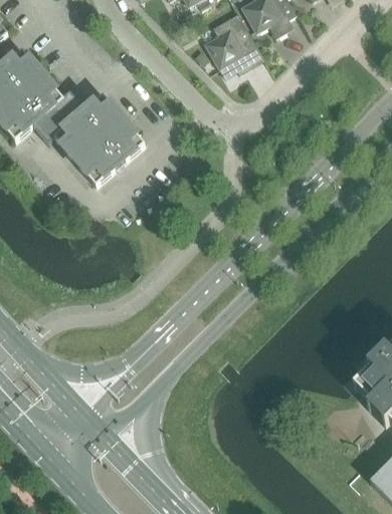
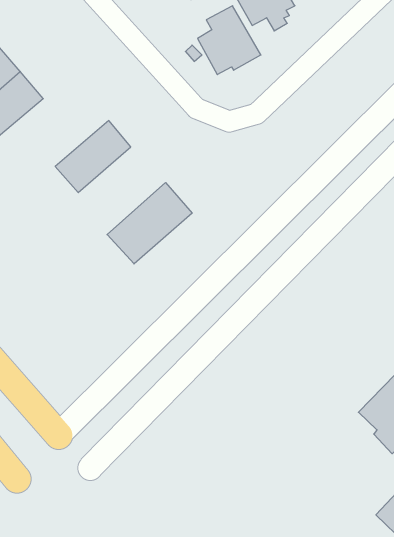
building: [33,89,125,159] -> none
building: none -> [107,183,192,264]

